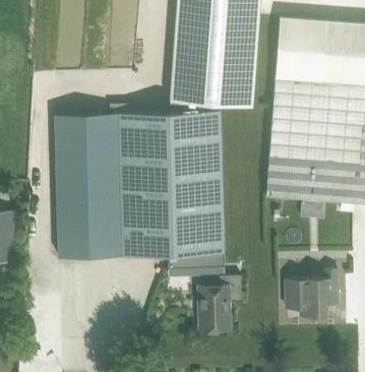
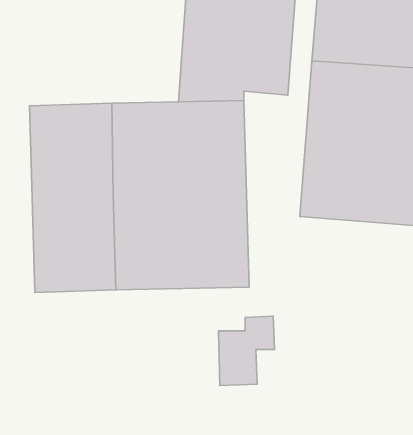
building: [168,255,225,276] -> none
building: [284,271,336,318] -> none

